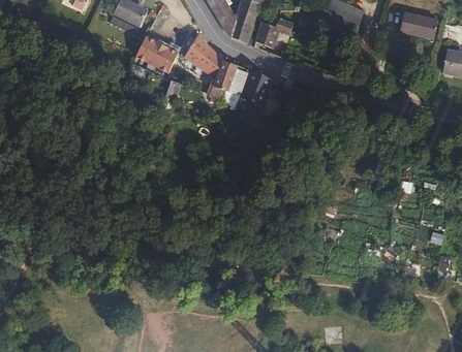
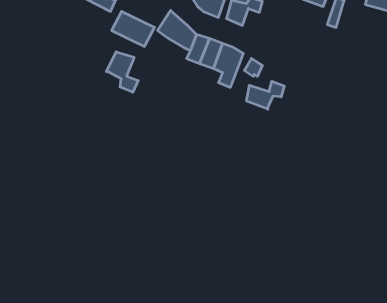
building: none -> [106,52,138,92]
building: none -> [247,81,284,109]

